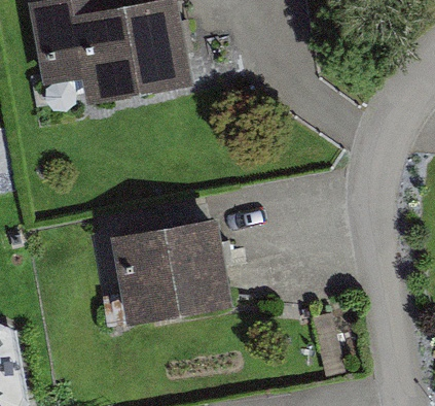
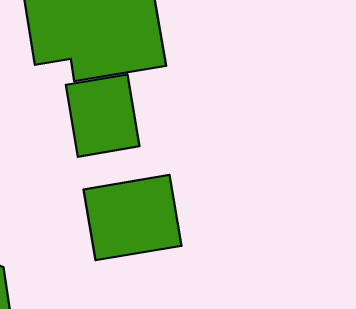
building: none -> [66,74,139,157]

